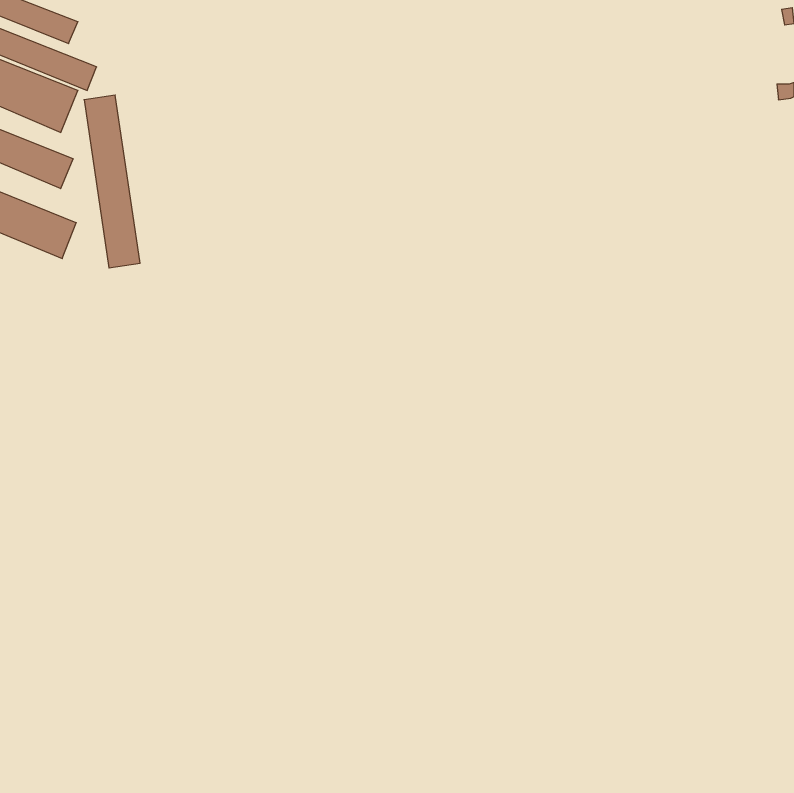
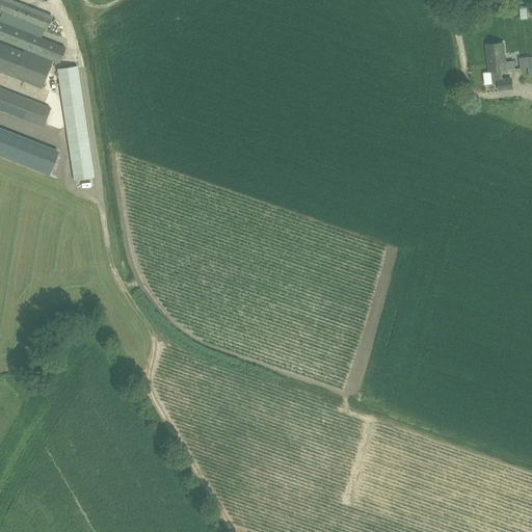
building: none -> [485,41,511,87]

